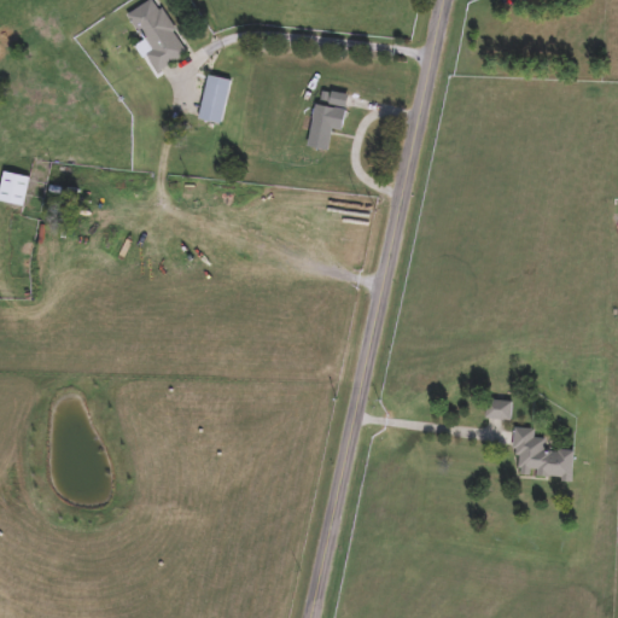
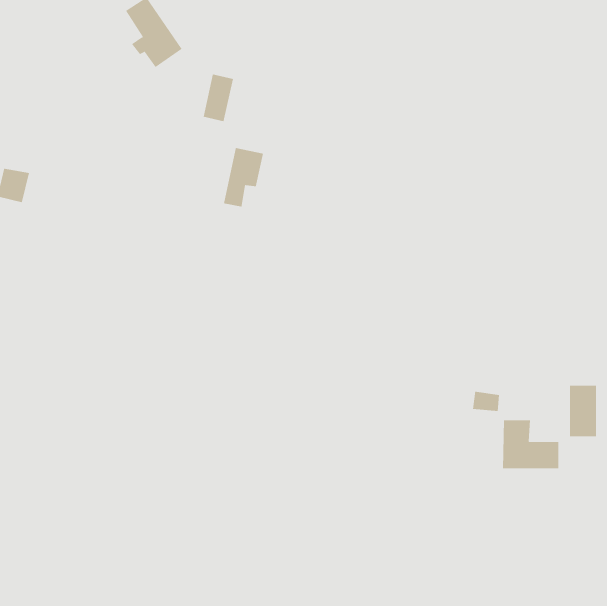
building: [309,89,350,150] -> [223,147,264,207]
building: none -> [570,385,597,437]

